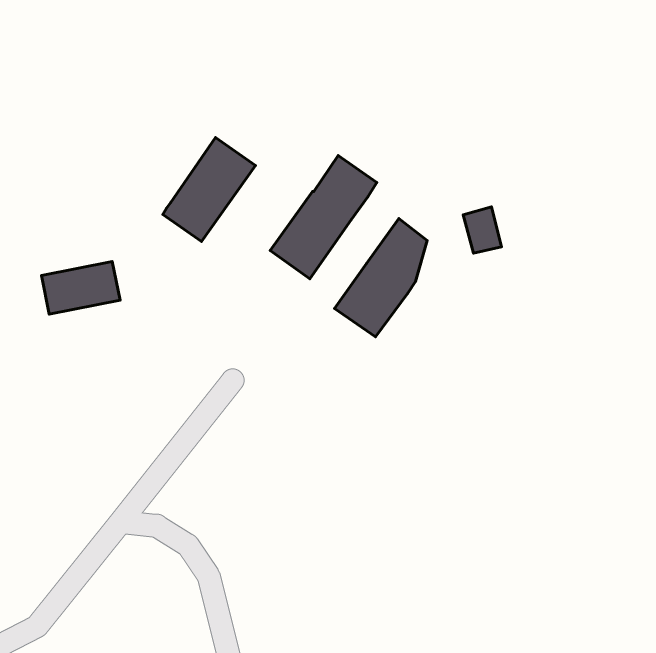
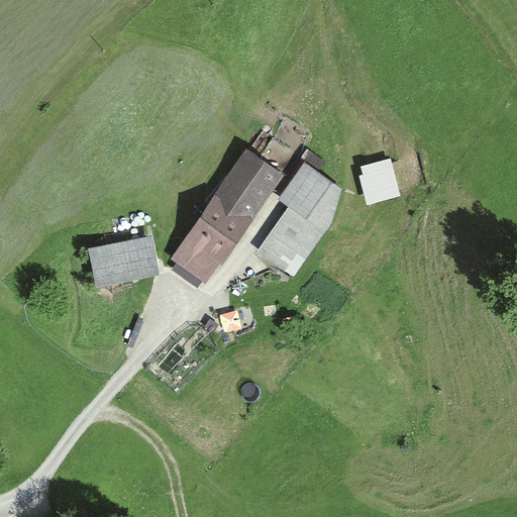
building: [163,137,255,241] -> [172,200,244,282]
building: [42,261,120,314] -> [91,242,152,284]

